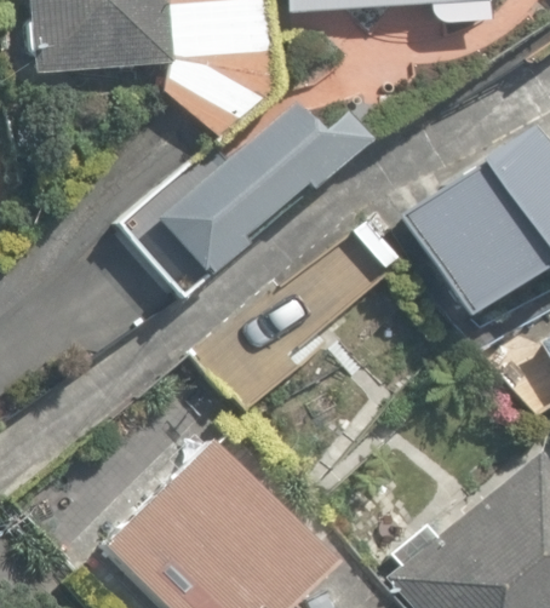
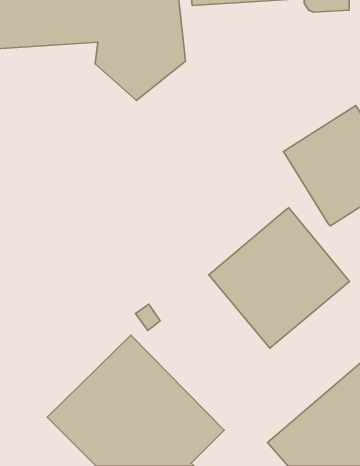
building: [121,102,372,297] -> none
building: none -> [209,208,350,348]

